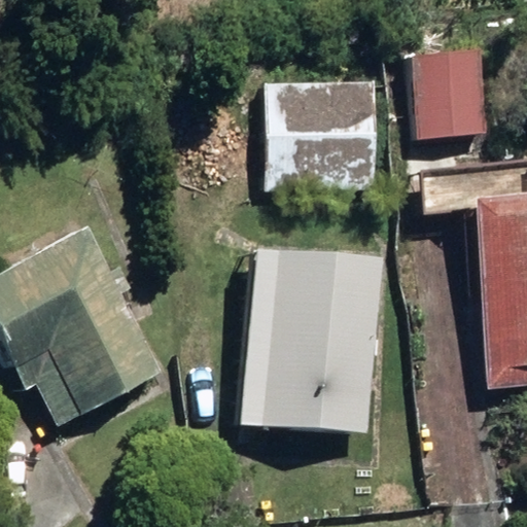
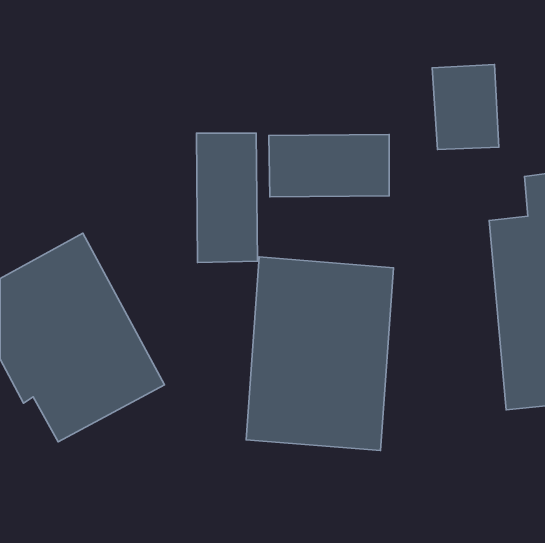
building: none -> [196,133,257,262]

